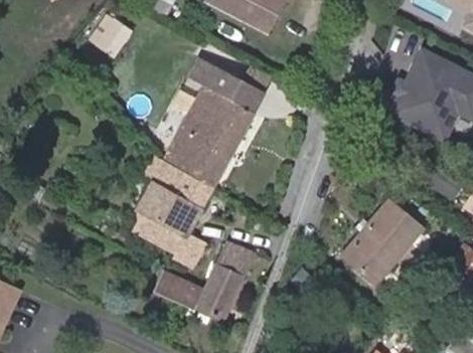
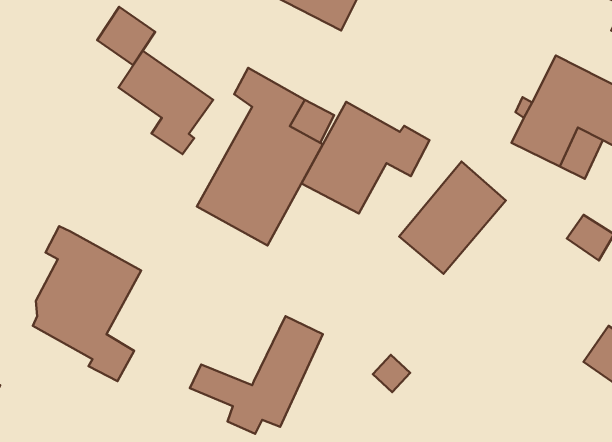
building: none -> [119,51,213,154]
building: none -> [302,102,430,213]
building: [136,156,214,269] -> [33,226,141,381]
building: [344,201,422,283] -> [399,162,506,274]

